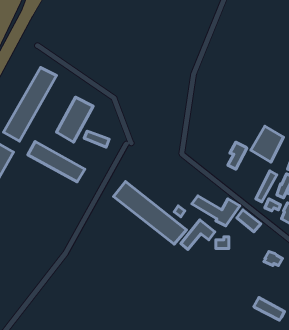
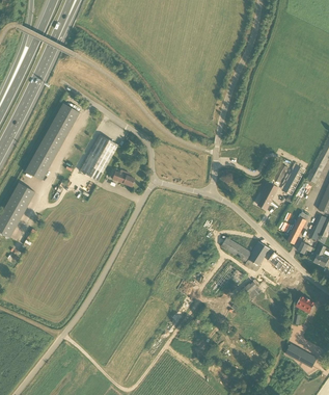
building: [28,142,85,182] -> none
building: [113,181,187,244] -> none

